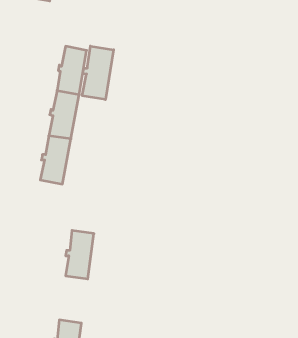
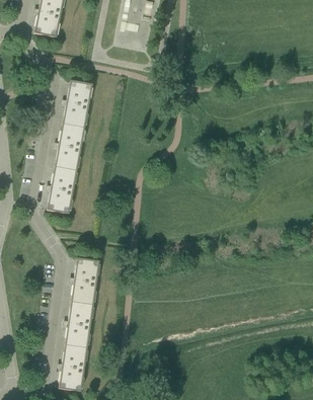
building: [82,46,114,100] -> none
building: none -> [65,301,92,346]

